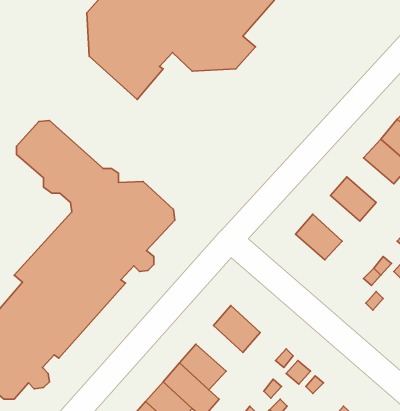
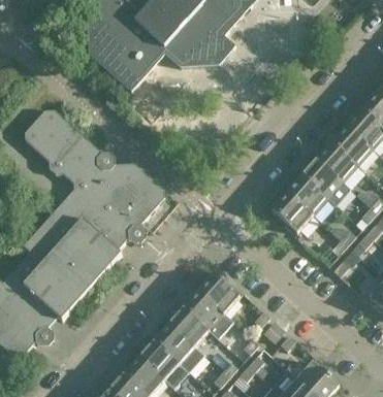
building: none -> [316,143,357,183]
building: none -> [286,176,327,217]
building: none -> [183,291,224,331]

